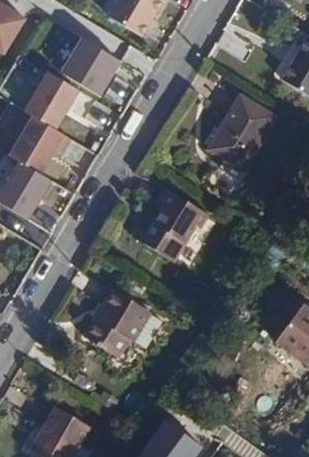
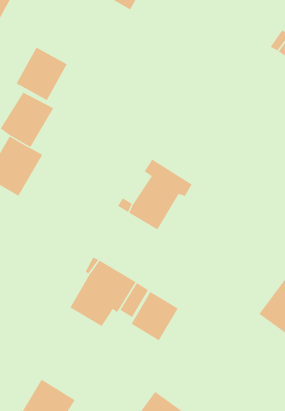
building: [61,38,120,96] -> none
building: [203,96,270,171] -> none
building: none -> [131,291,178,341]

